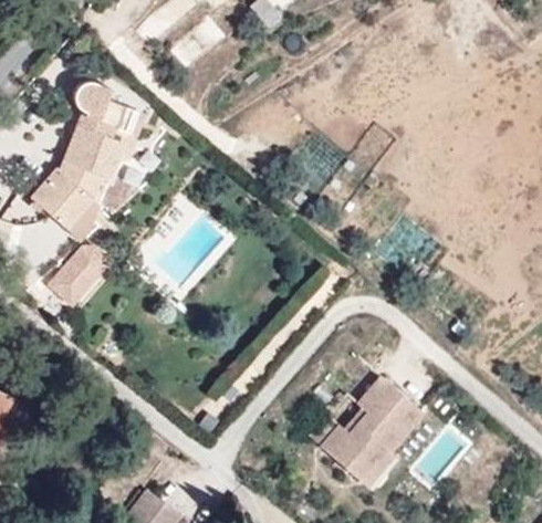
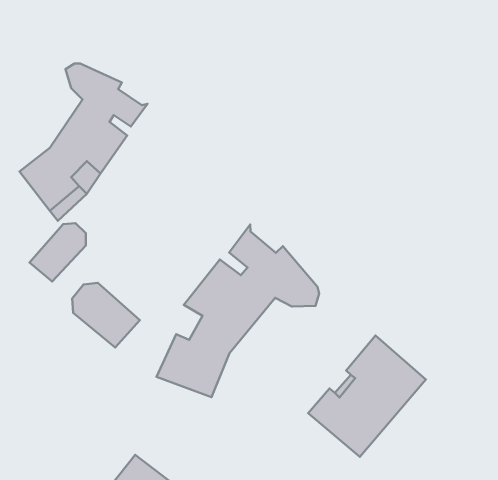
building: none -> [157,225,319,397]
building: none -> [72,283,140,347]

